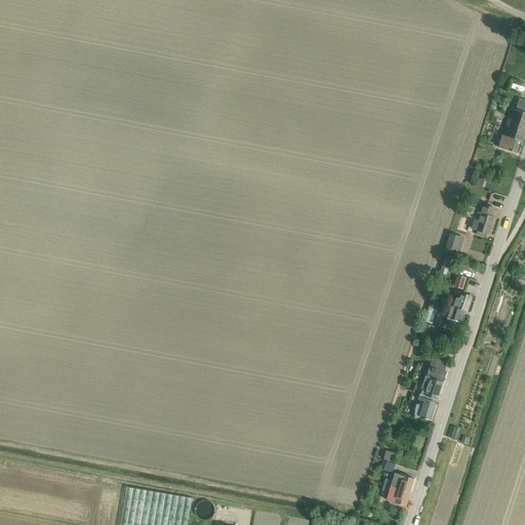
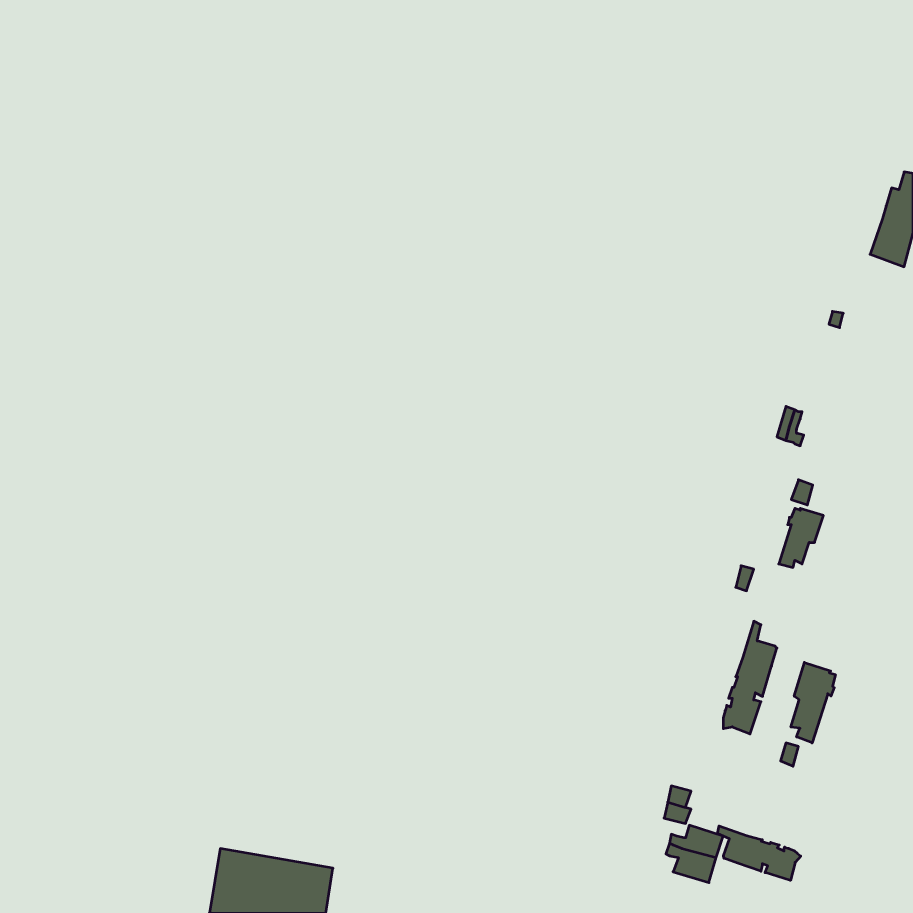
building: [472,204,494,237] -> none
building: none -> [791,662,835,743]
building: none -> [718,826,801,880]

